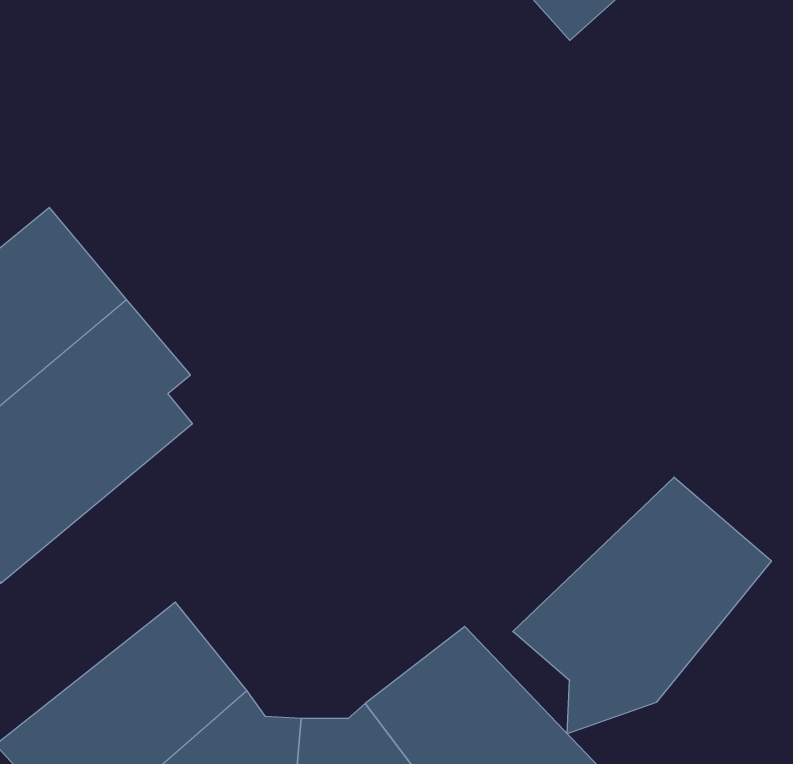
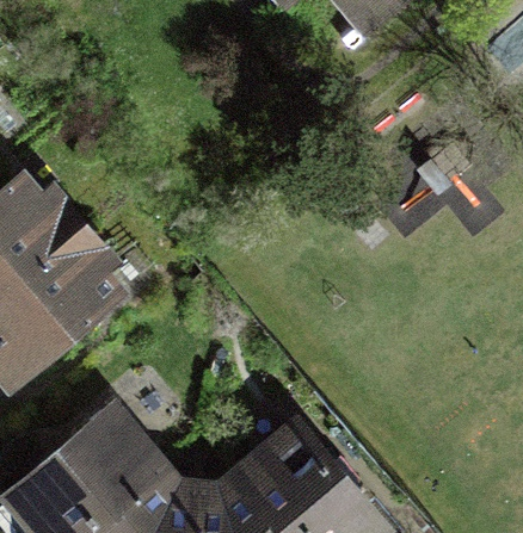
building: [513,477,771,734] -> none

